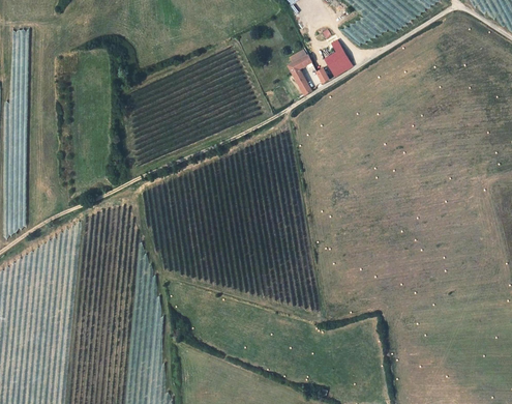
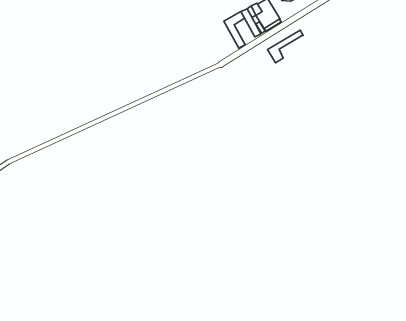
building: none -> [268,30,303,63]

